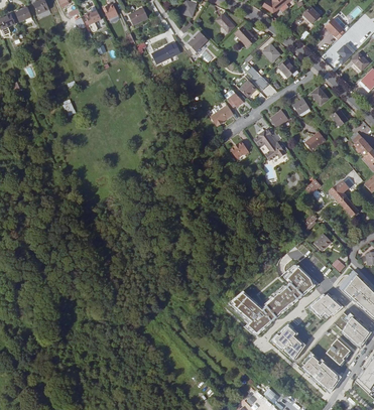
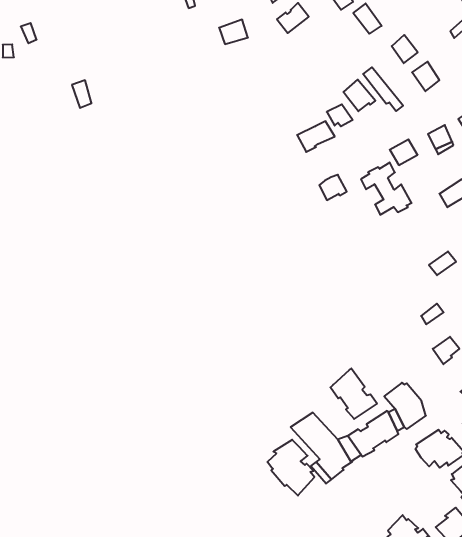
building: none -> [330,368,377,419]
building: [273,323,304,359] -> [267,440,314,496]

